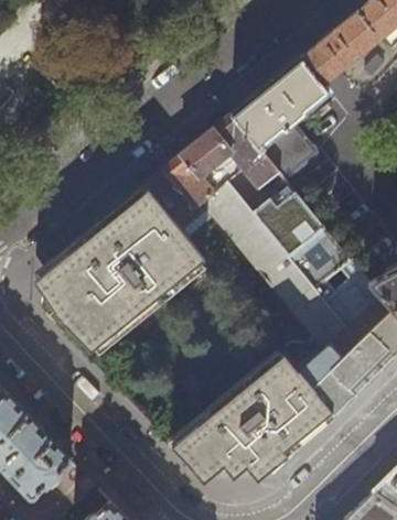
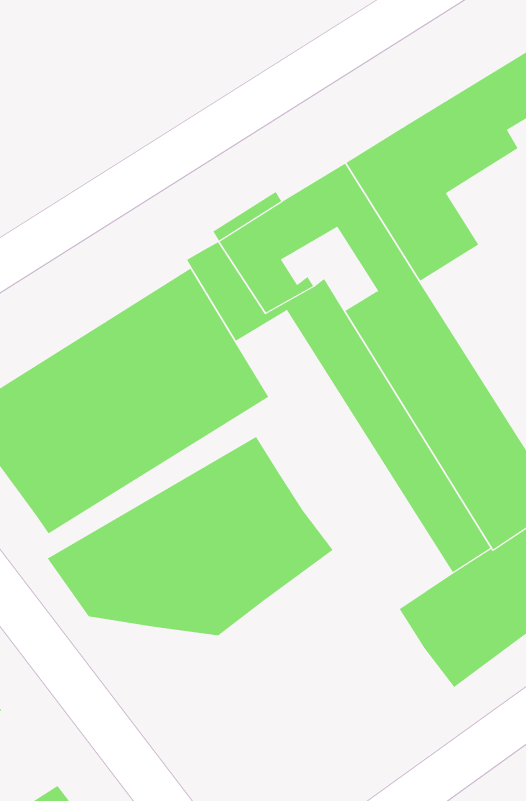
building: [168,354,335,474] -> [47,436,333,636]

